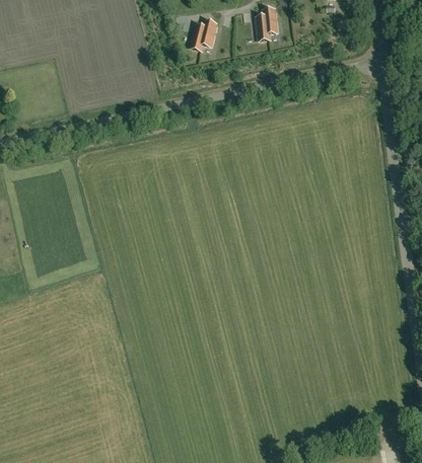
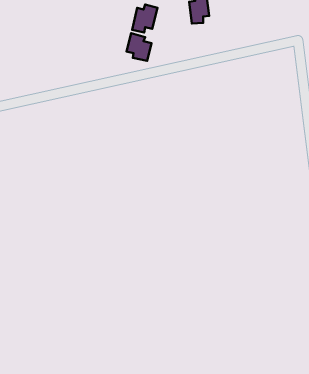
building: none -> [126,33,152,61]

